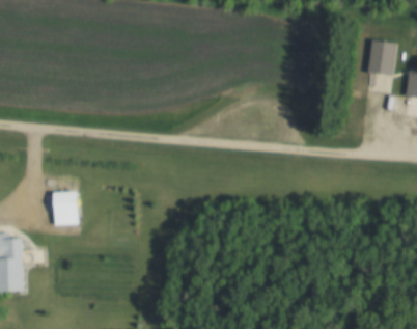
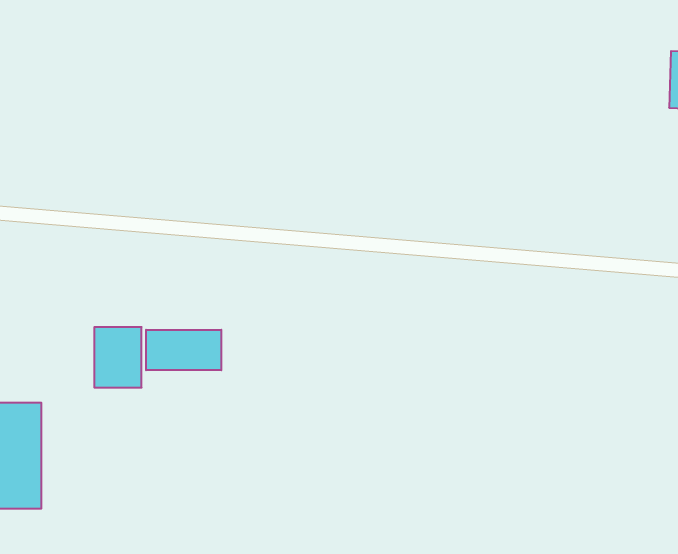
building: none -> [146,330,221,370]

